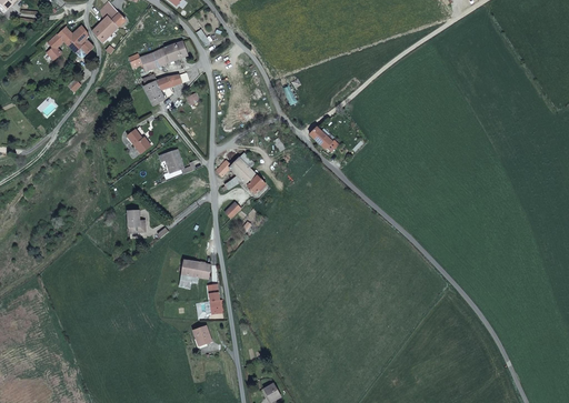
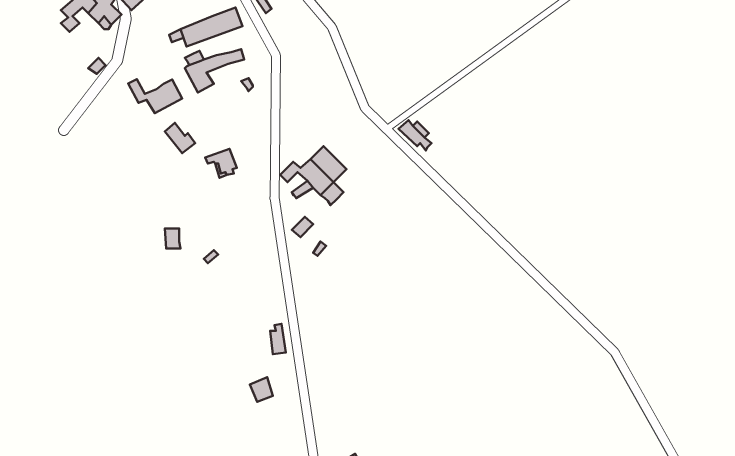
building: none -> [128,79,182,113]
building: [179,260,211,288] -> none

